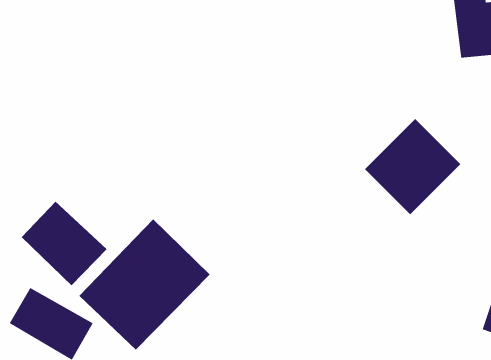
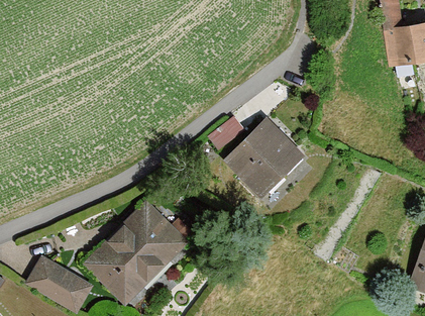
building: [364,118,461,215] -> [222,113,301,192]
building: [21,201,107,286] -> none

